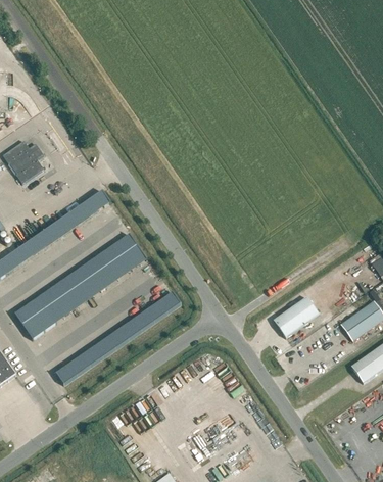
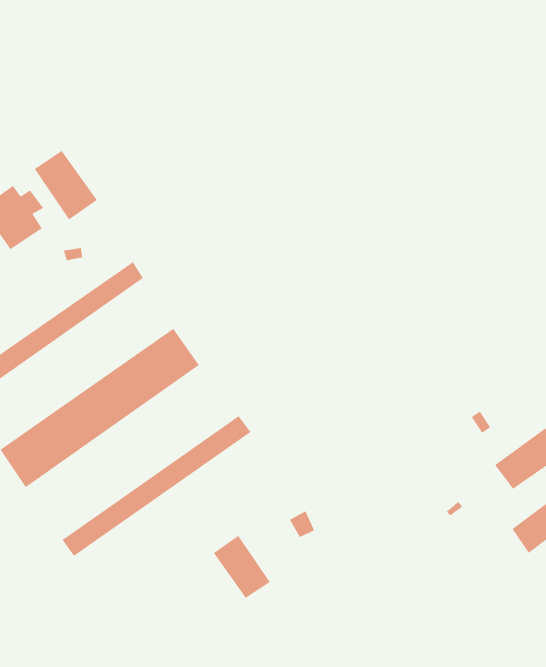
building: none -> [34,150,98,220]
building: [273,296,319,337] -> none
building: none -> [213,535,271,599]

